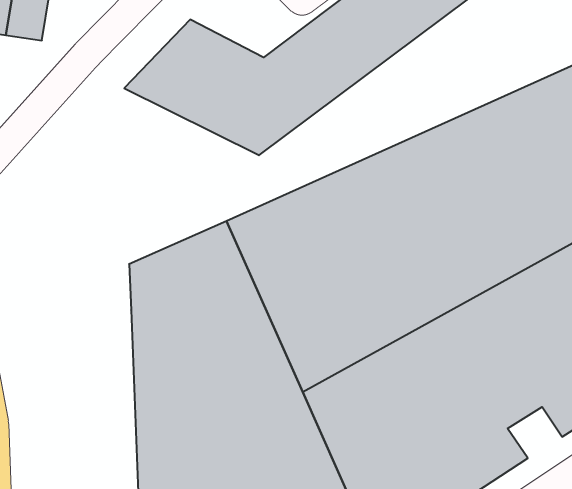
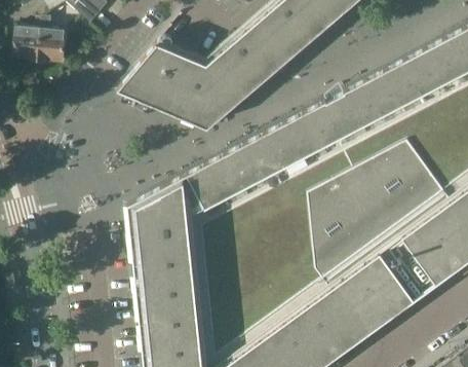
building: none -> [381,282,417,316]

